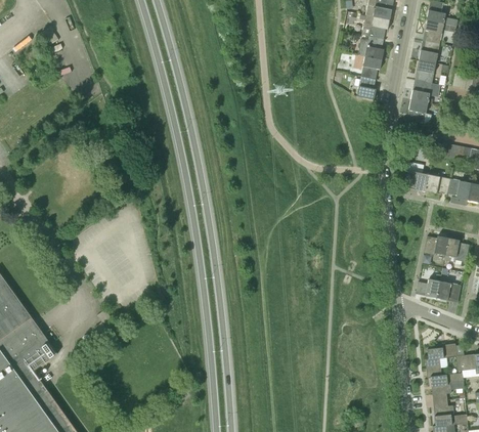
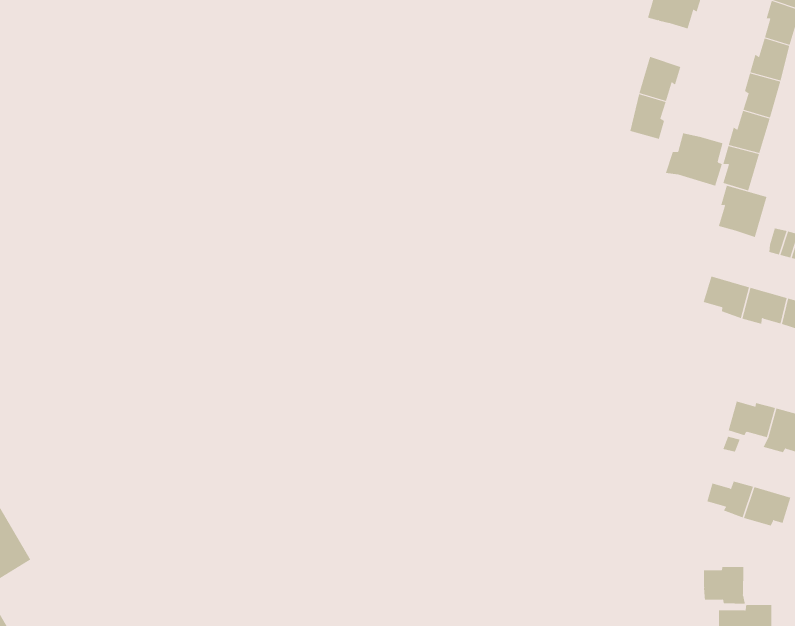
building: [357,36,384,59] -> none
building: none -> [665,132,723,187]
building: none -> [718,185,767,238]
building: none -> [704,566,745,604]

